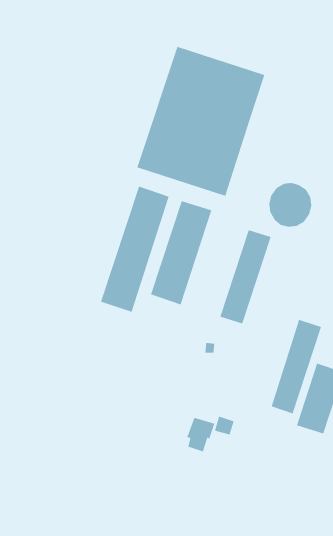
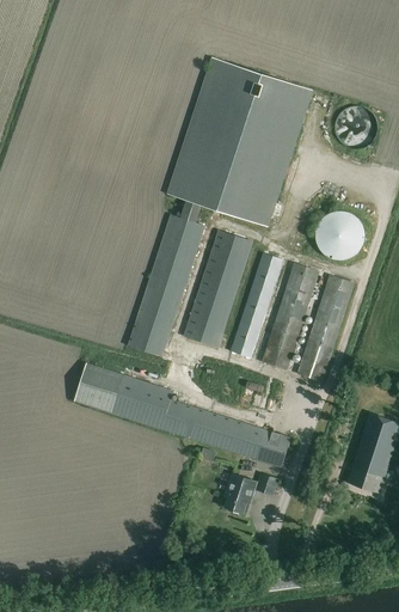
building: none -> [231,252,282,359]
building: none -> [74,363,290,467]
building: [271,319,322,414] -> [296,275,354,381]

